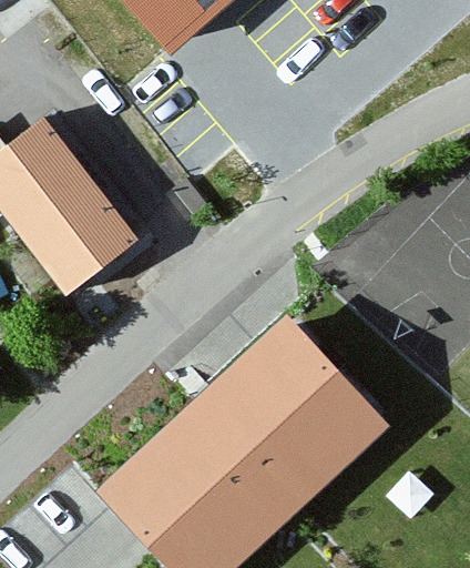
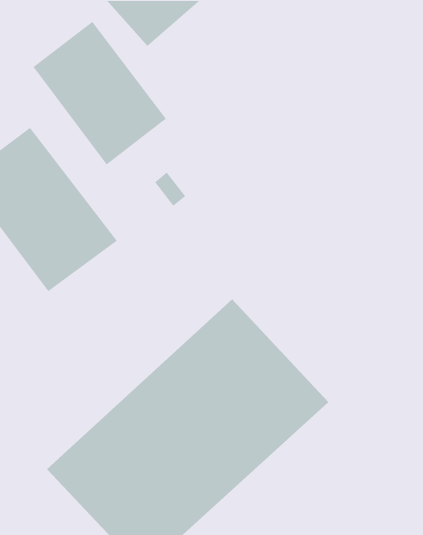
building: none -> [32,21,167,166]

